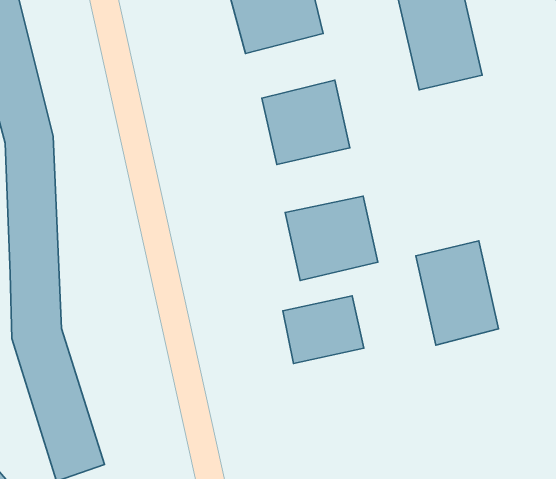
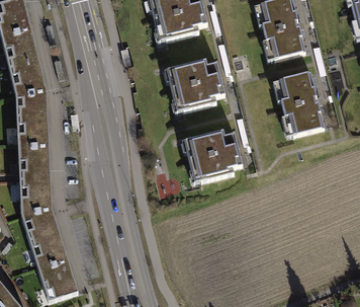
building: [416,241,499,345] -> [274,72,325,136]
building: [283,296,364,364] -> none

